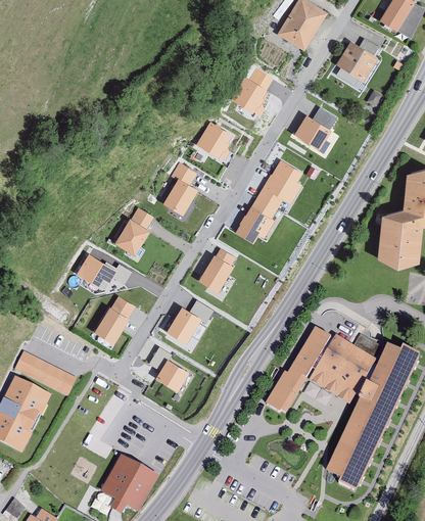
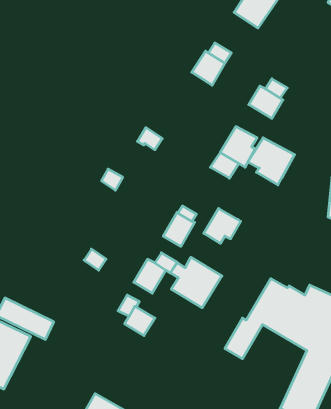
building: [336,40,378,81] -> none
building: [194,121,232,158] -> none
building: none -> [248,138,295,185]
building: [161,178,196,216] -> none
building: [233,204,274,243] -> [204,208,241,243]
building: [112,219,148,256] -> none
building: [75,253,115,287] -> none
building: none -> [171,257,222,308]
building: [92,306,128,344] -> none

